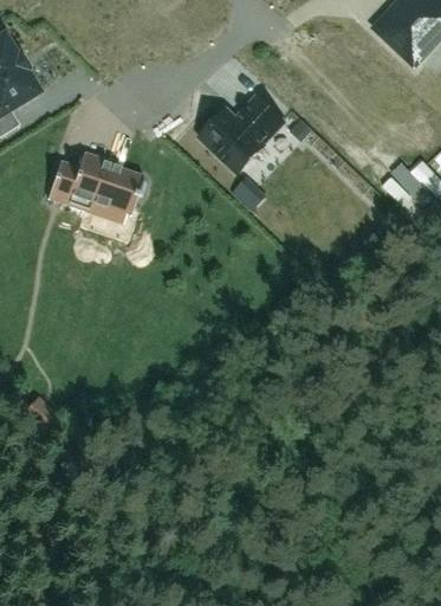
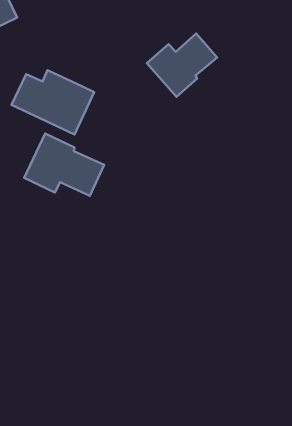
building: none -> [24,134,104,196]

